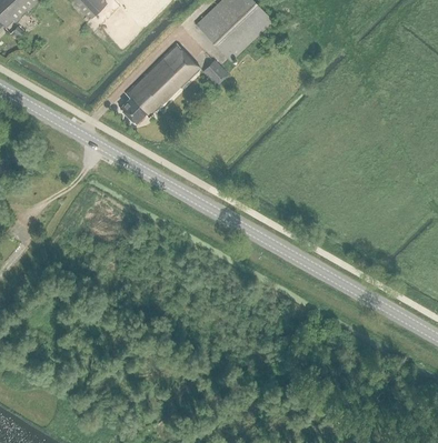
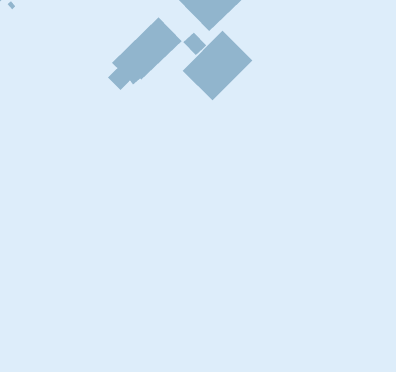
building: none -> [182,30,253,101]

